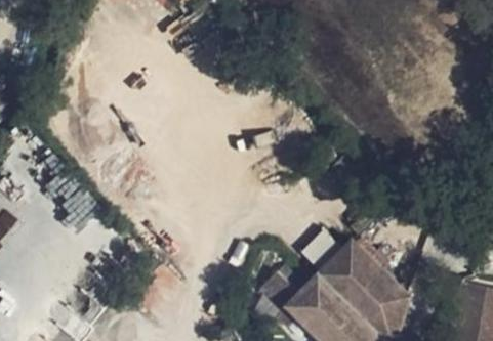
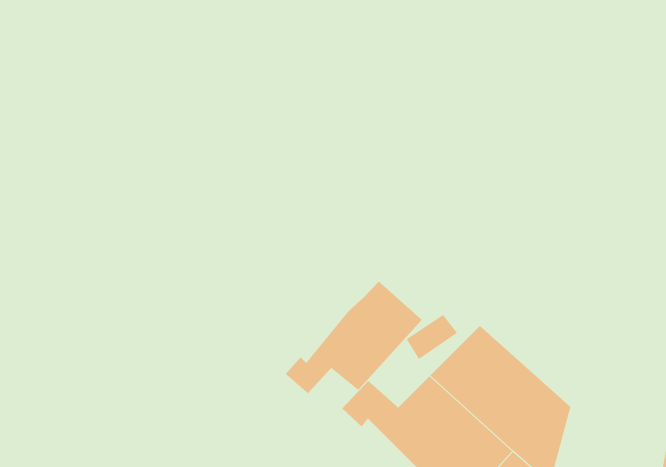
building: none -> [285,281,422,394]

